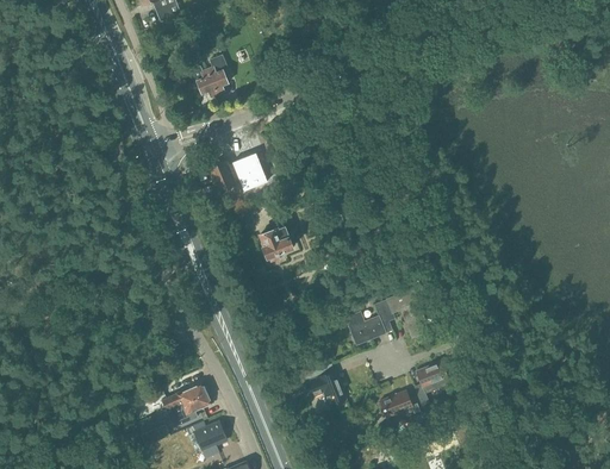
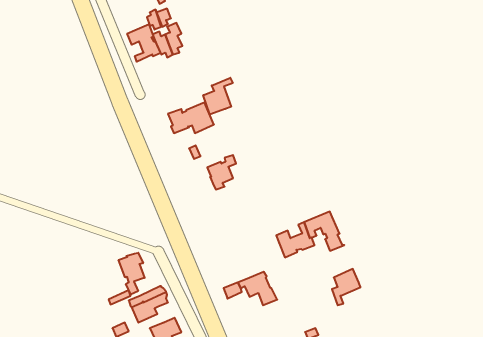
building: none -> [127,24,160,62]
building: none -> [203,78,233,115]
building: none -> [119,253,145,294]
building: [379,390,419,418] -> none

